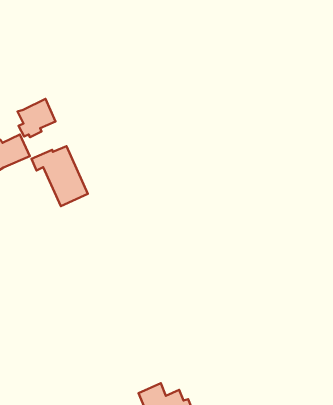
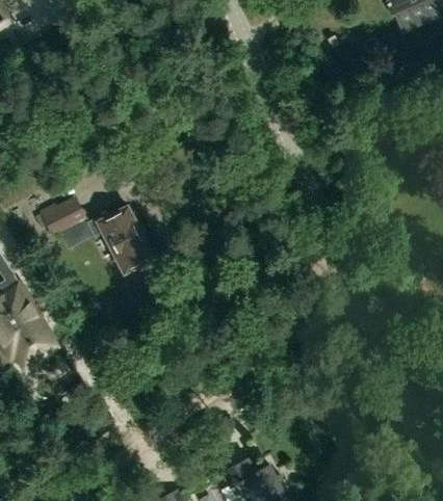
building: [18,99,56,137] -> none

